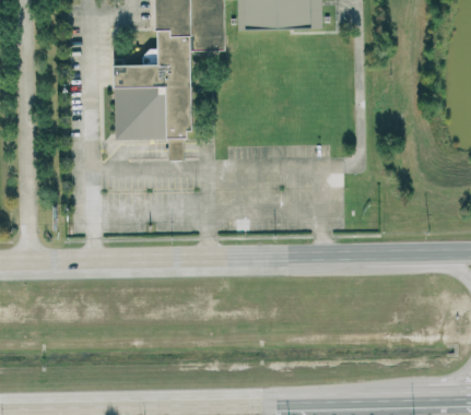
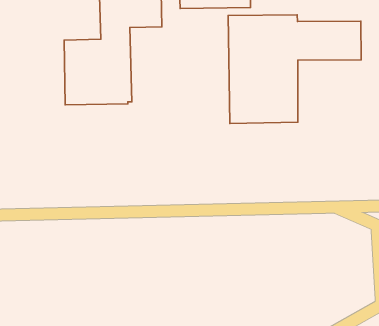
building: none -> [228,15,361,124]

